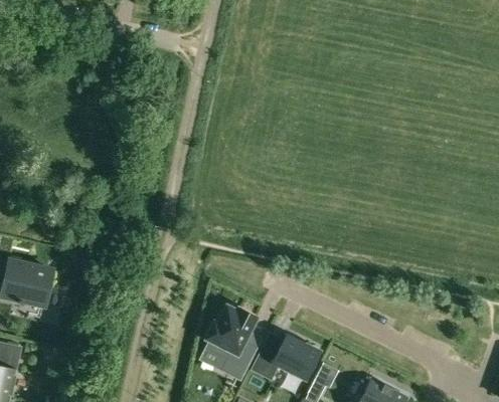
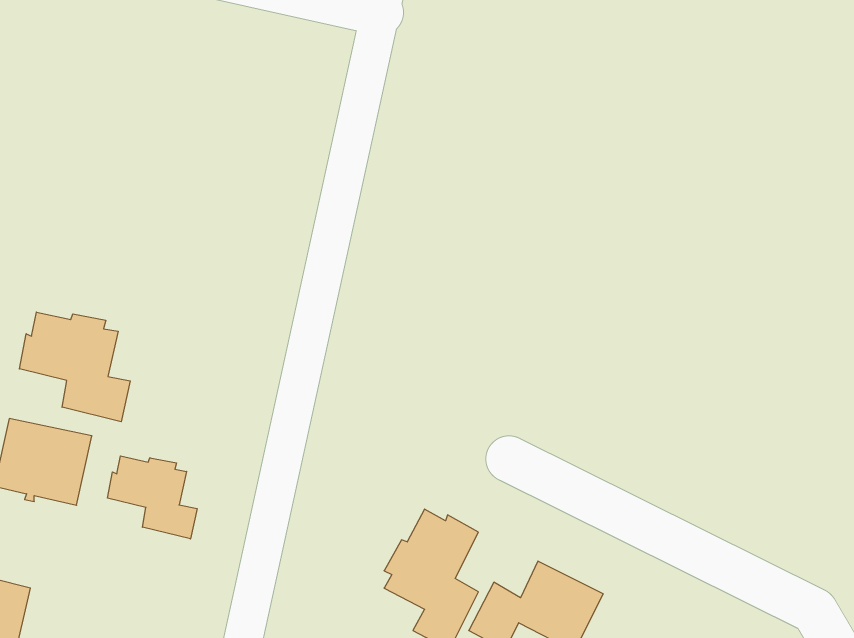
building: none -> [19,312,130,422]
building: none -> [108,456,197,539]

